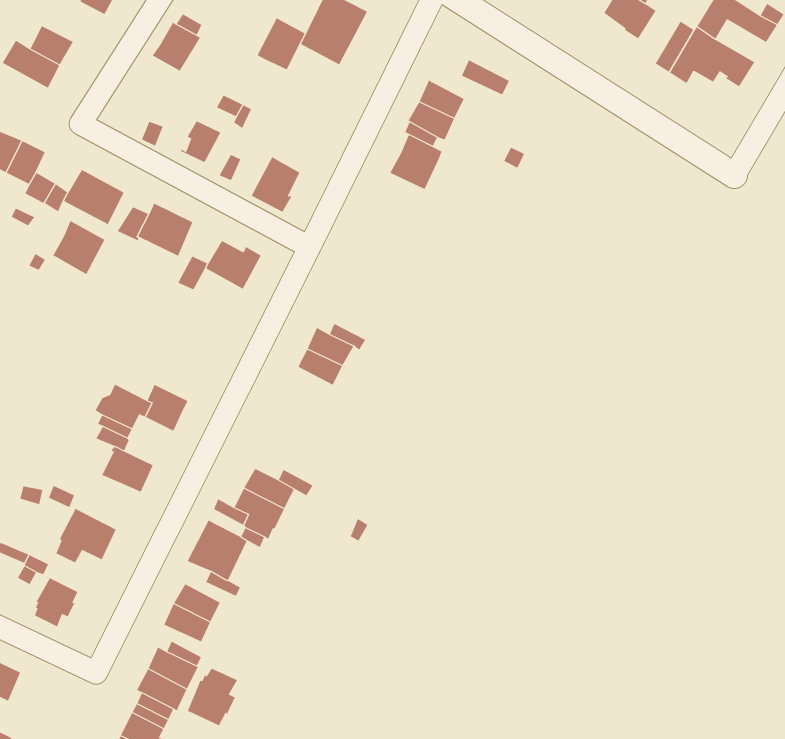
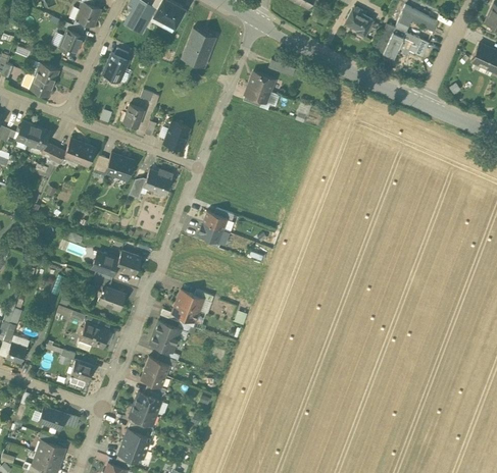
building: [257,18,306,70] -> none
building: [389,135,442,190] -> none
building: [52,220,105,275] -> none
building: [187,668,238,726] -> none

